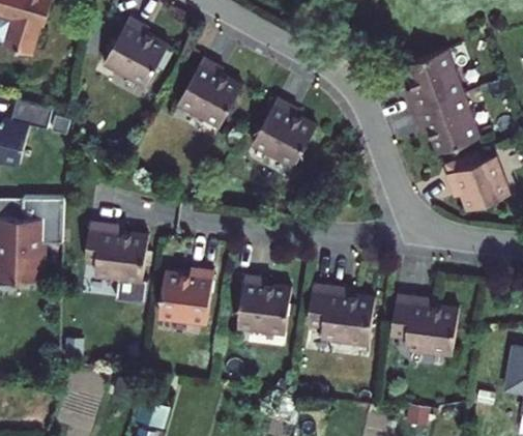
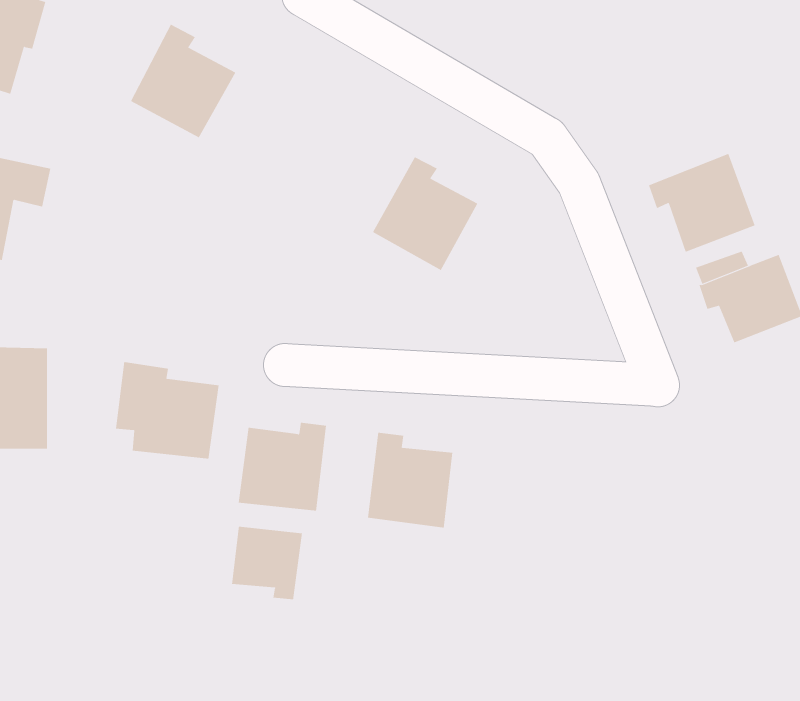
building: [404,54,464,117] -> none
building: [170,58,235,129] -> none
building: [311,278,378,338] -> none
building: [395,287,462,348] -> none
building: none -> [232,526,303,600]

